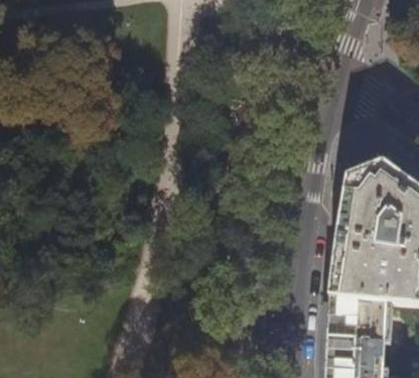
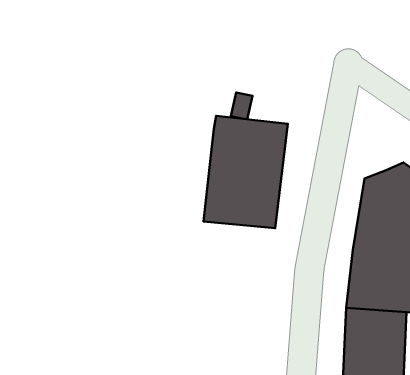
building: none -> [203,116,288,228]

